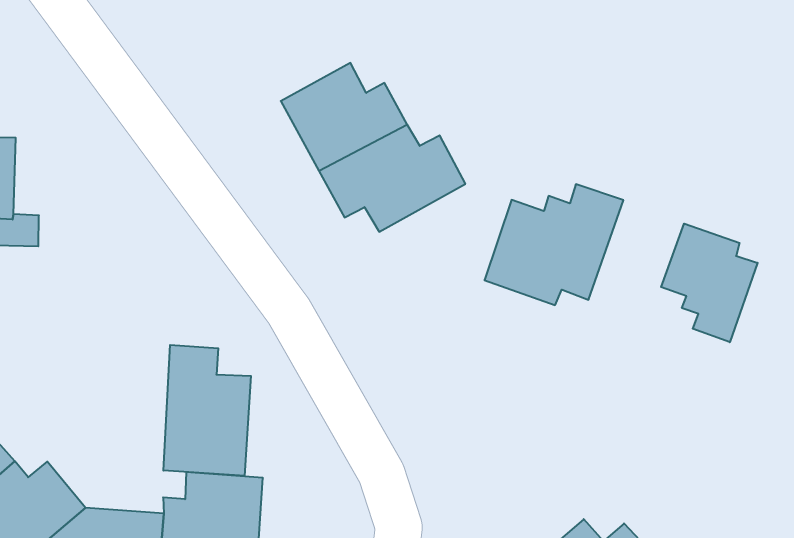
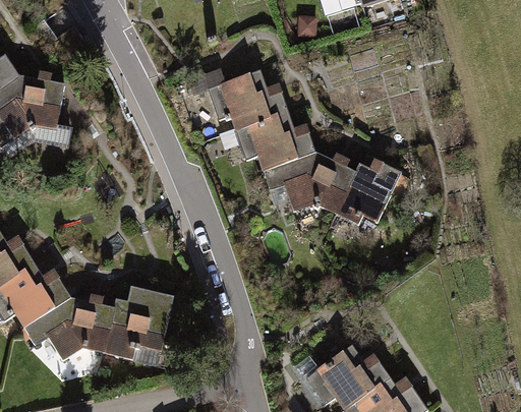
building: none -> [262,149,339,215]
building: [661,224,758,342] -> none
building: [163,345,251,476] -> none

